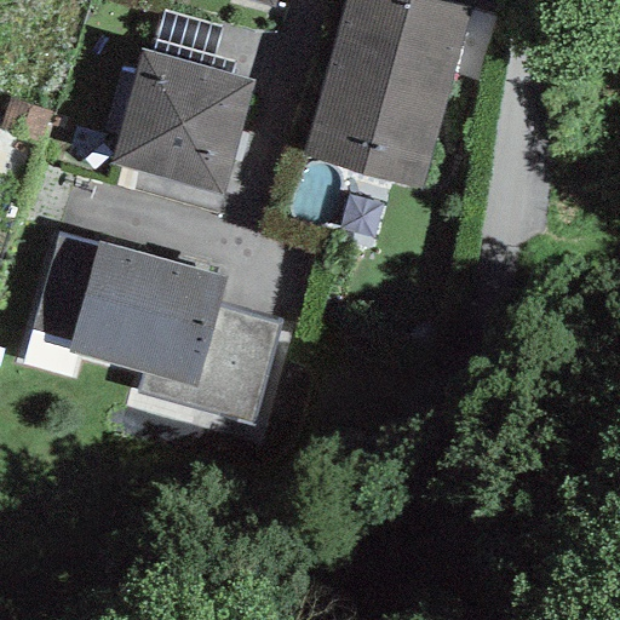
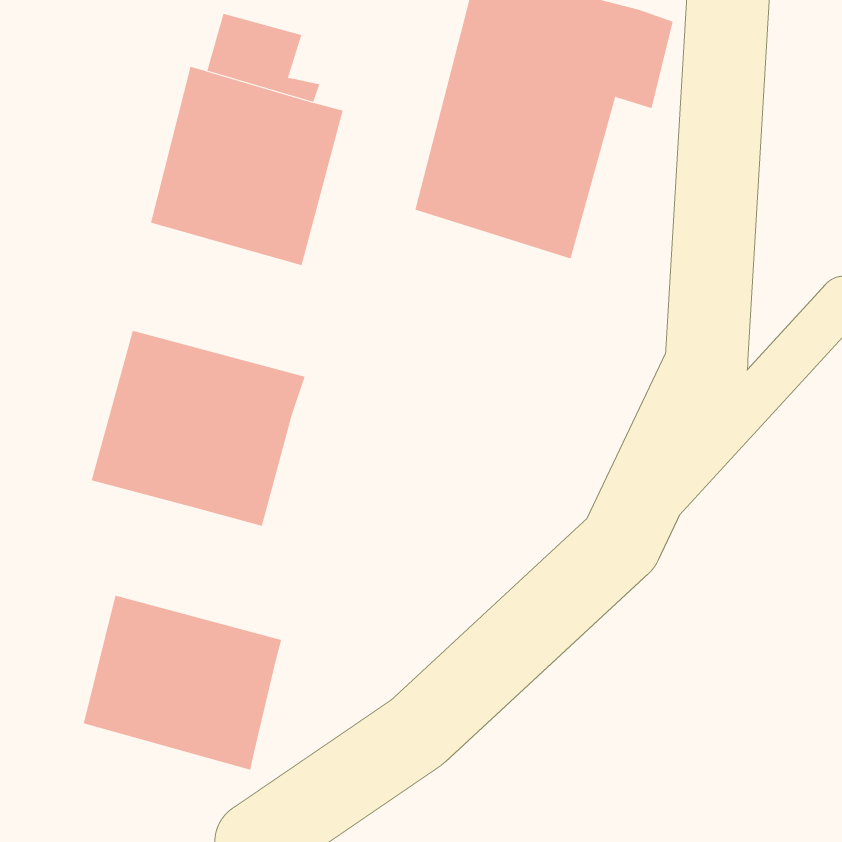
building: [140,305,282,421] -> none
building: none -> [83,595,282,771]

